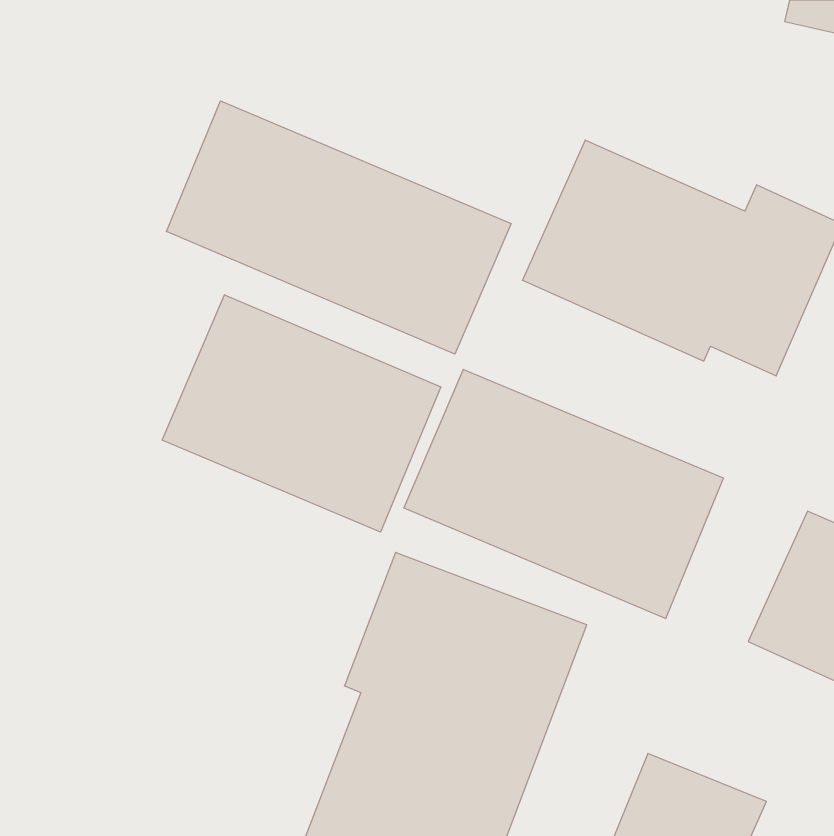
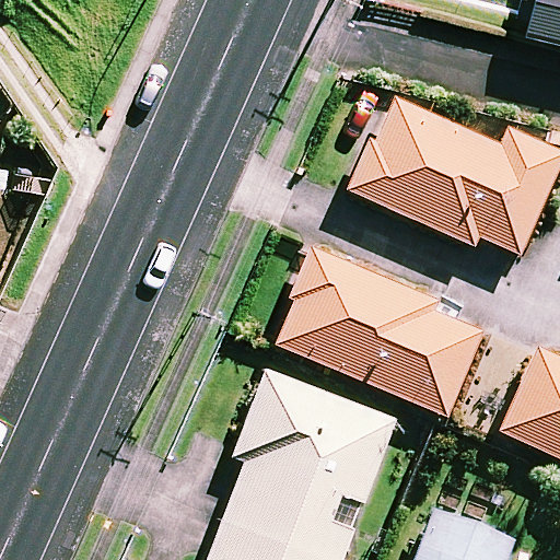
building: [166,101,511,354] -> none
building: [162,295,441,532] -> none

